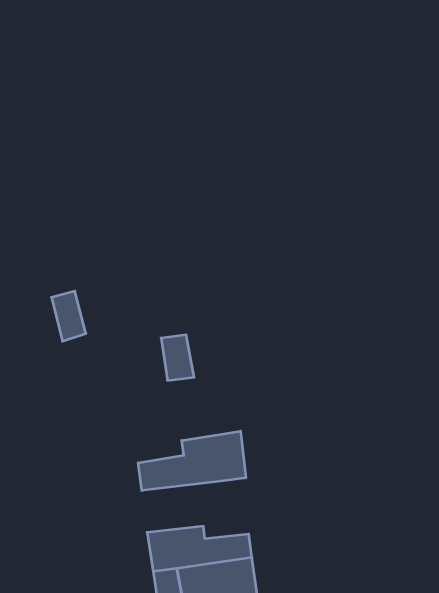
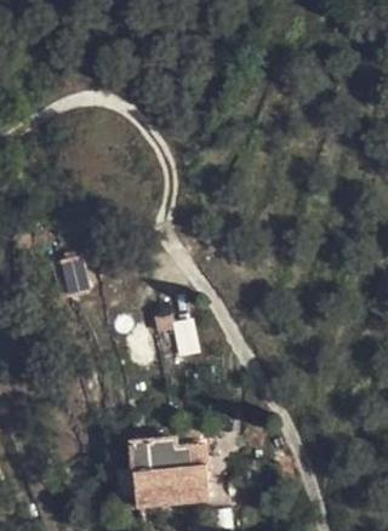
building: [138,431,246,491] -> none

